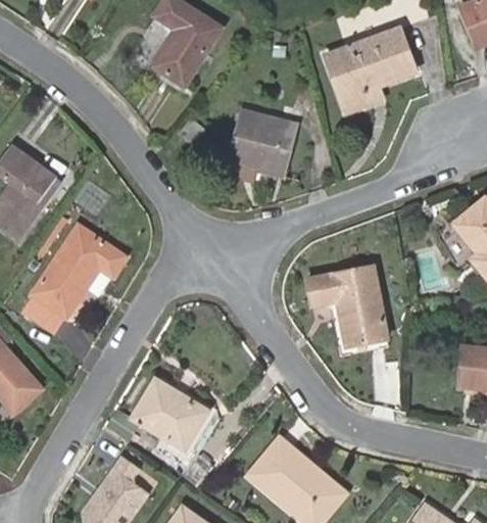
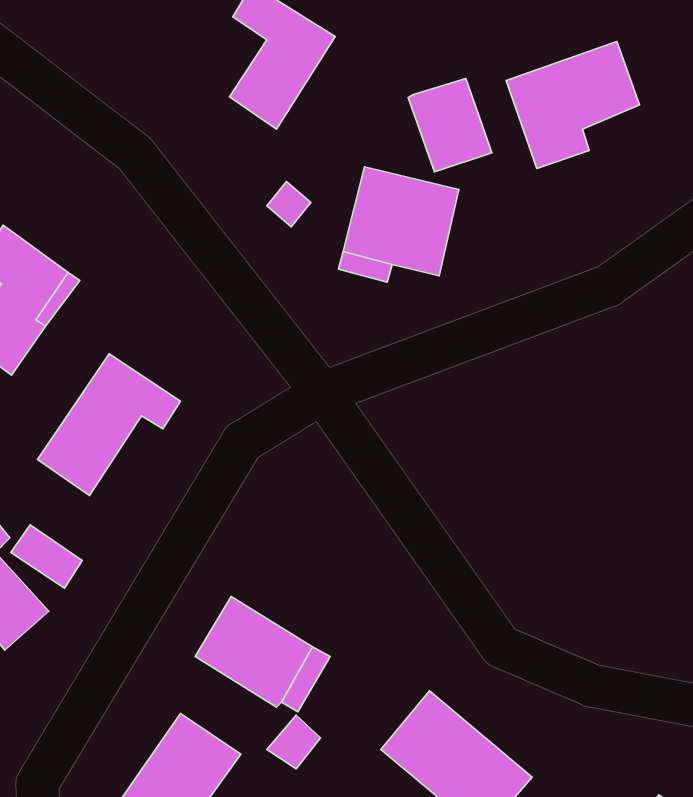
building: none -> [408,78,492,172]
building: [306,268,385,345] -> none
building: [20,293,65,333] -> [11,525,82,588]

